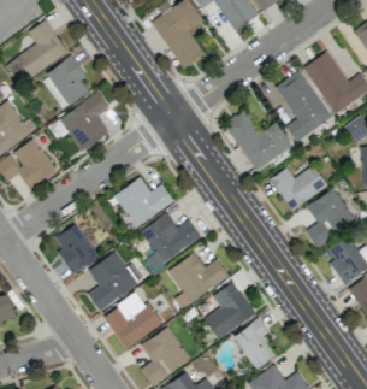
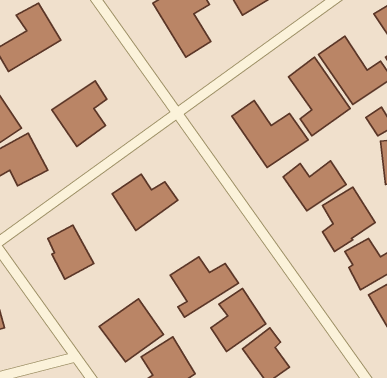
building: [41,57,89,110] -> none
building: [141,214,201,269] -> none
building: [88,252,138,311] -> none

